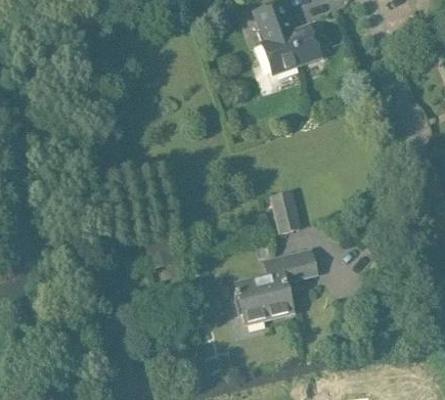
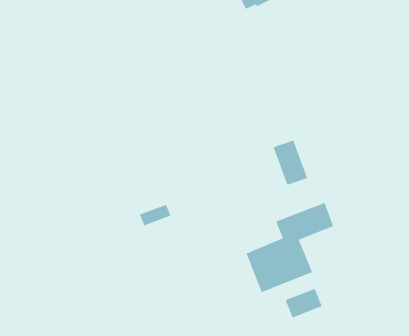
building: none -> [284,288,323,319]

